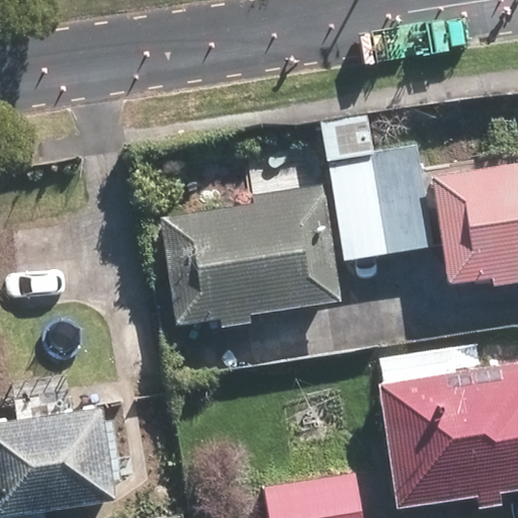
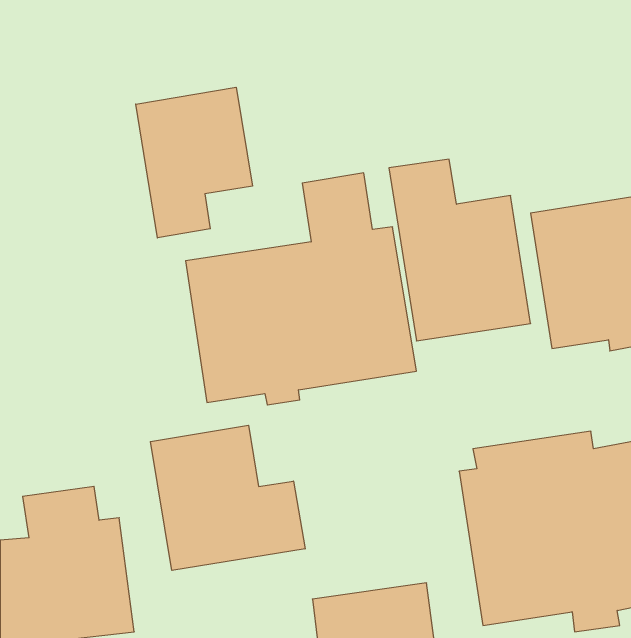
building: none -> [136,87,252,238]
building: none -> [150,425,305,570]

